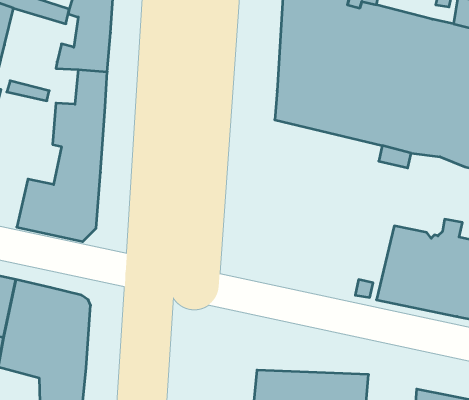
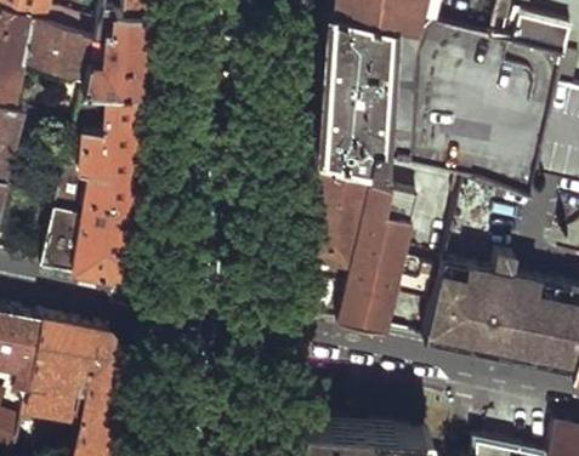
building: none -> [24,25,91,84]
building: none -> [310,170,435,334]

